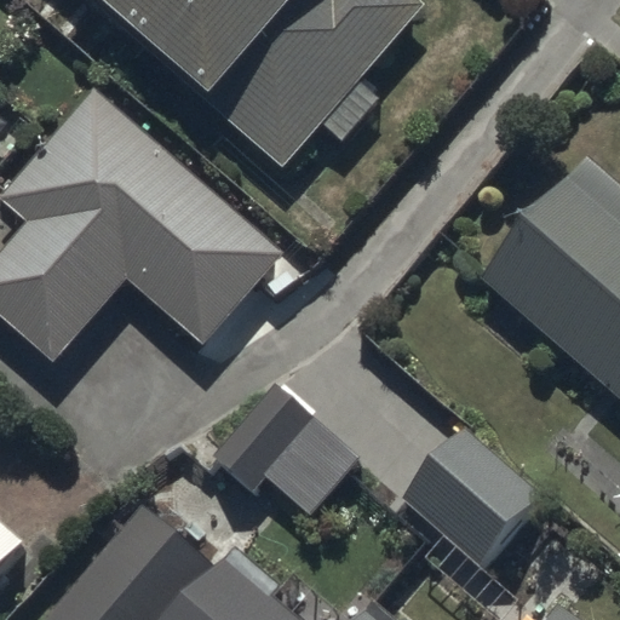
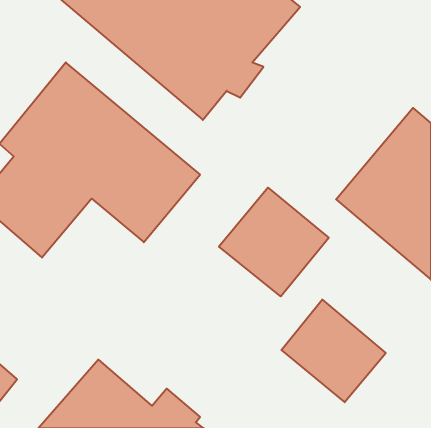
building: none -> [219,188,329,296]
building: [205,378,361,518] -> none

